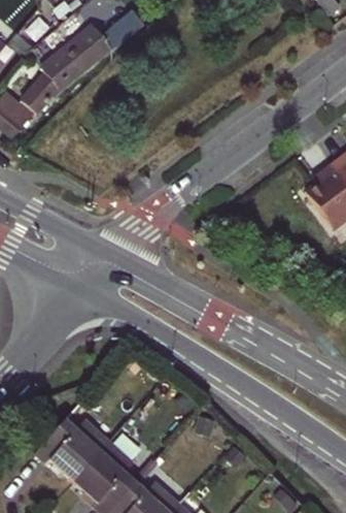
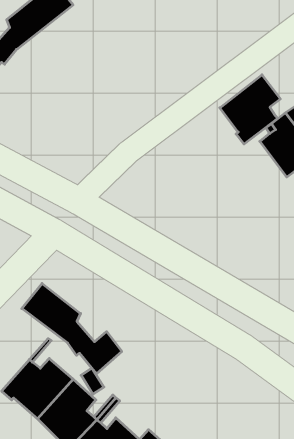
building: none -> [220,75,280,144]
building: none -> [22,283,122,374]

